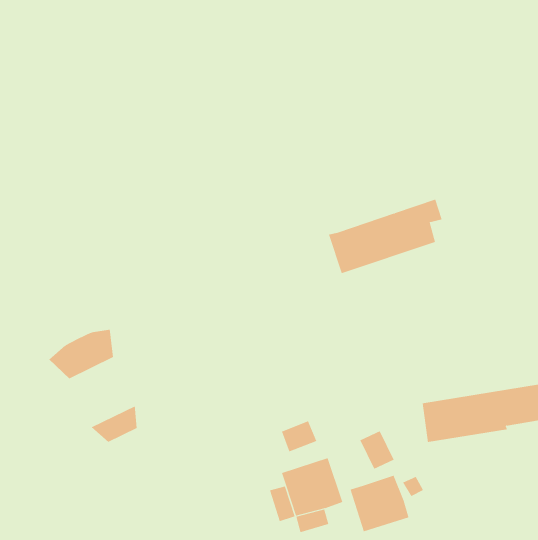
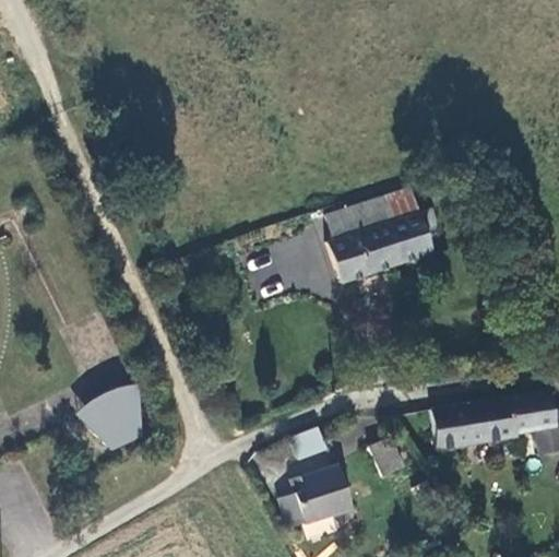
building: none -> [336,194,402,238]
building: [49,329,114,379] -> [76,383,142,434]
building: [350,475,409,532] -> none

